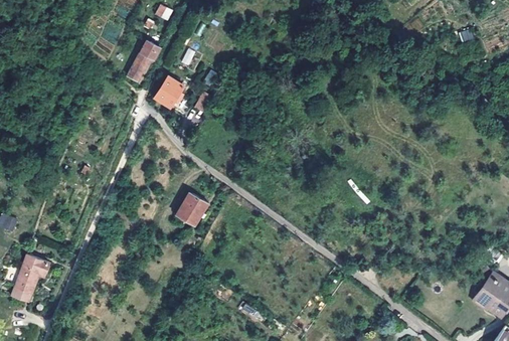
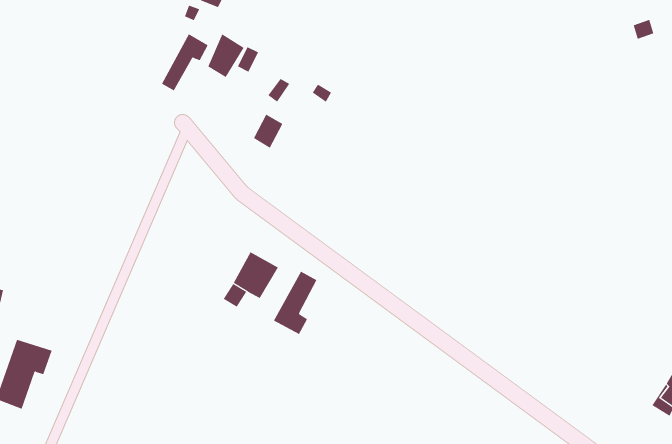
building: [157,75,183,107] -> [207,33,245,78]
building: none -> [273,271,317,335]

